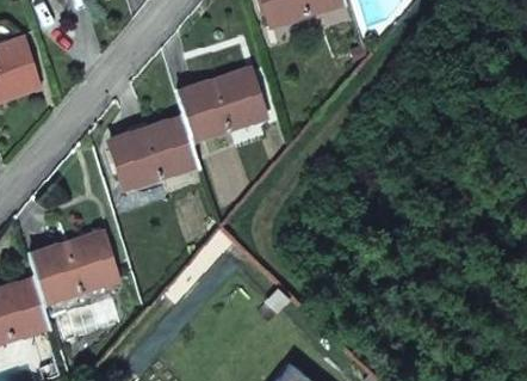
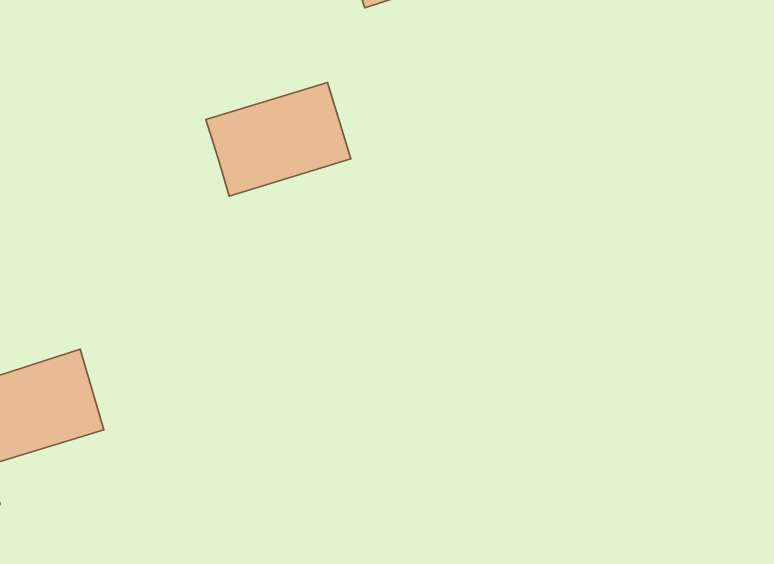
building: [110,118,198,189] -> none

